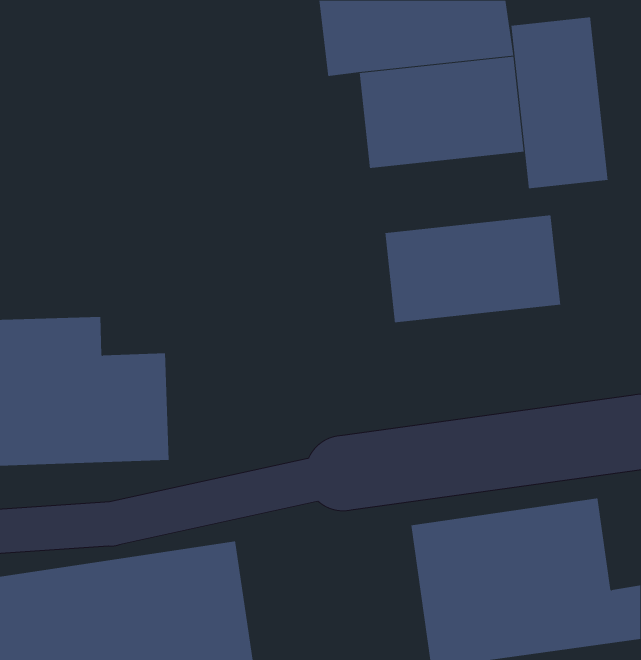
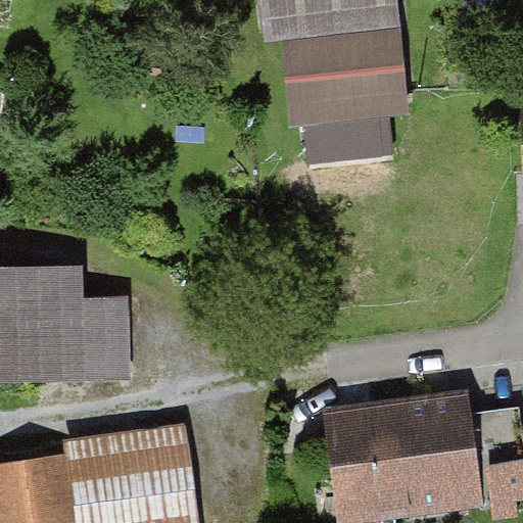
building: [511,16,608,189] -> none
building: [385,215,561,323] -> none

